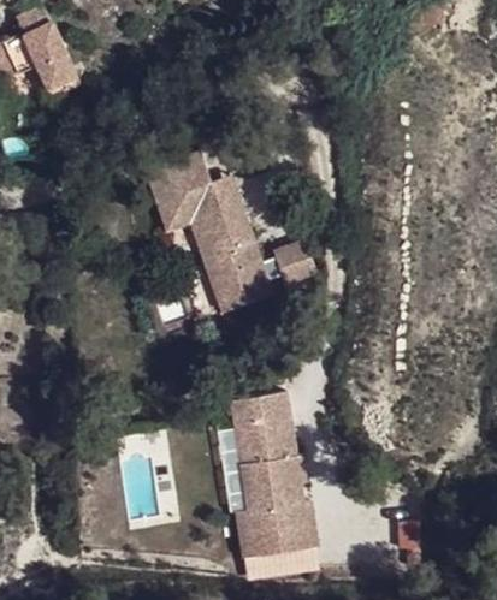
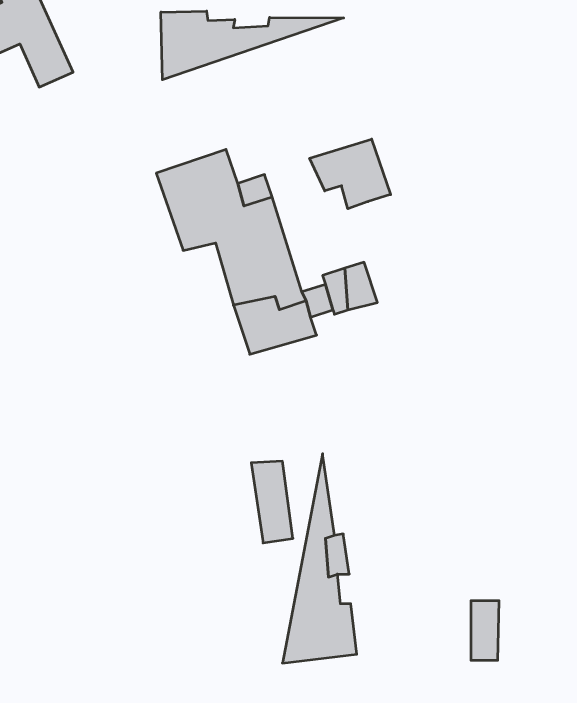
building: none -> [161,11,344,80]
building: none -> [310,139,391,209]
building: [225,396,280,568] -> none

